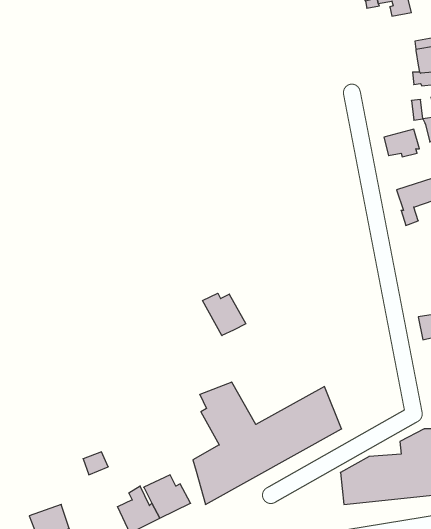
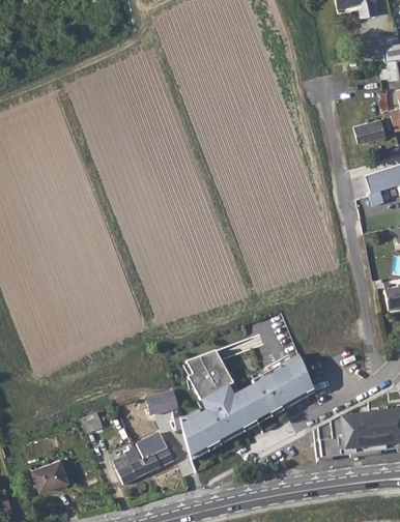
building: [203,293,246,336] -> none
building: none -> [147,390,184,431]

